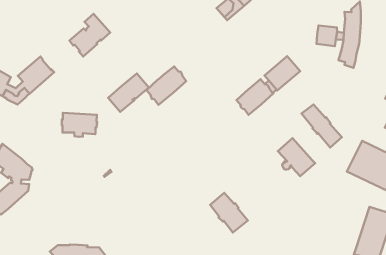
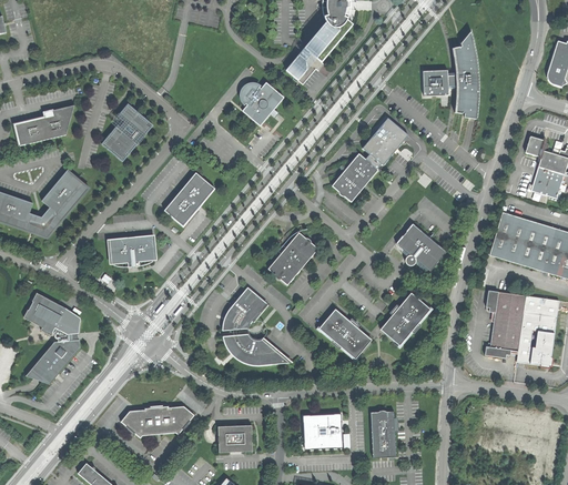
building: none -> [13,104,74,145]
building: none -> [241,81,284,125]
building: [146,66,186,105] -> [268,232,318,285]
building: [302,104,342,147] -> none
building: none -> [223,286,267,330]
building: none -> [382,293,432,345]
building: none -> [485,290,527,358]
building: none -> [223,333,290,365]

